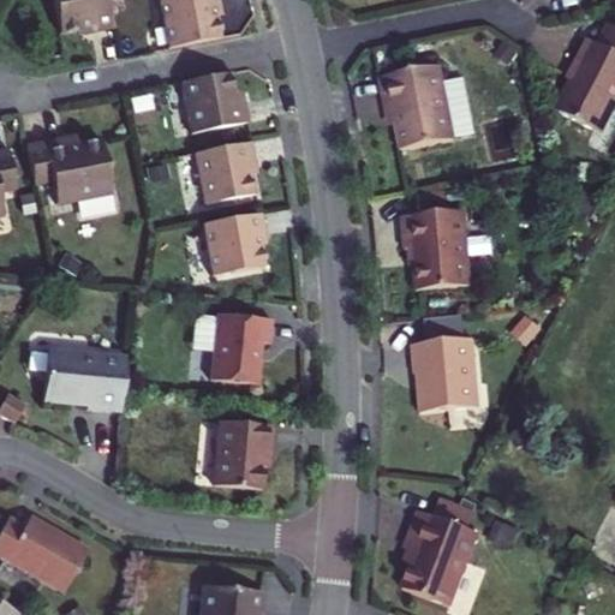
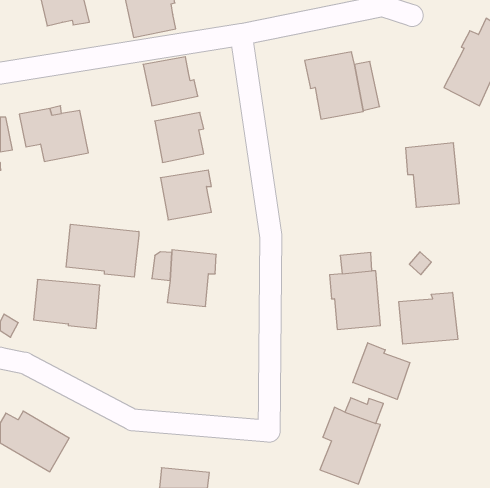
building: [404,210,471,291] -> [406,143,459,207]
building: none -> [66,224,139,277]
building: none -> [399,292,458,344]
building: [214,419,271,489] -> none
building: none -> [353,343,410,399]

